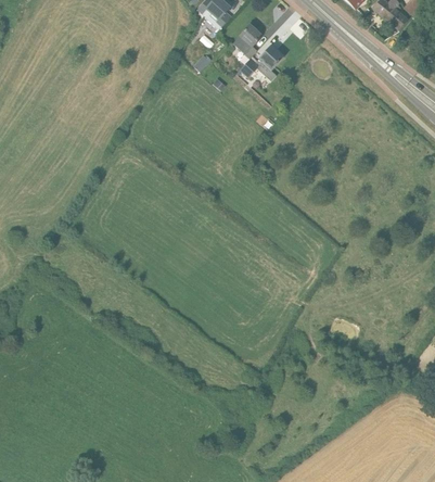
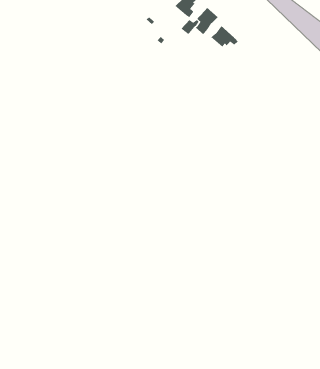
building: none -> [210,25,239,48]

